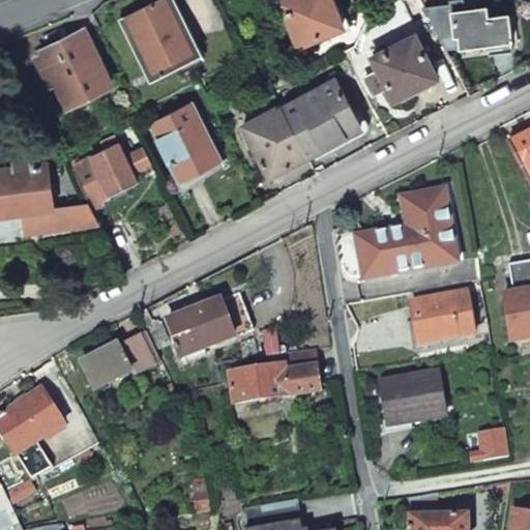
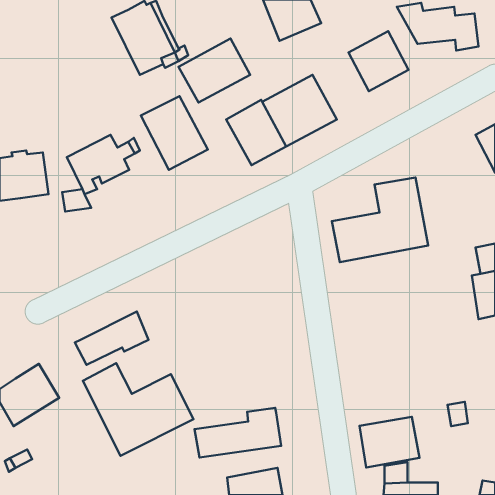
building: [40,30,110,106] -> none
building: none -> [178,38,250,103]
building: [22,205,69,232] -> none
building: [167,292,253,357] -> none
building: [411,292,473,344] -> none
building: [229,350,321,403] -> [195,408,281,457]
building: [380,372,444,425] -> [359,417,420,467]
building: none -> [83,363,193,456]

